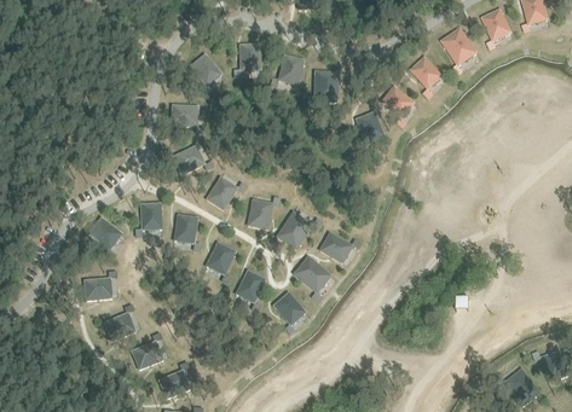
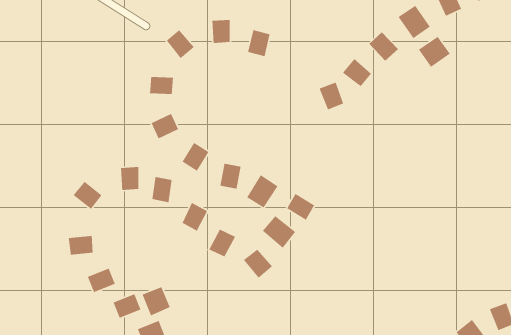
building: none -> [418,36,451,68]
building: [313,71,336,101] -> none
building: none -> [142,286,171,316]

